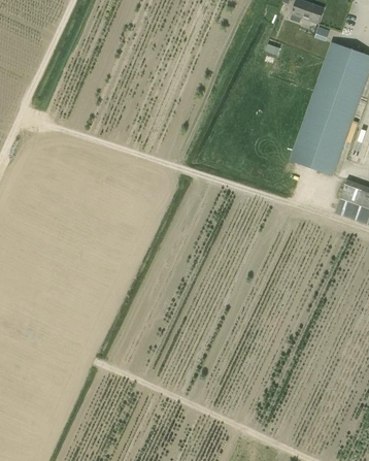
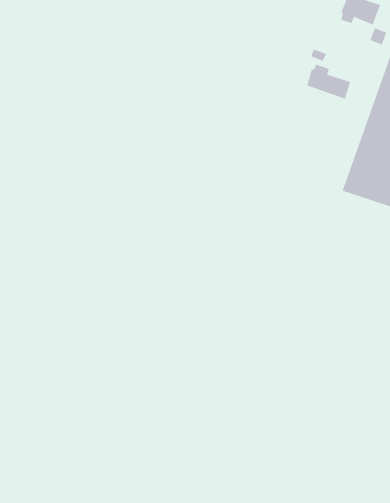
building: none -> [307,64,351,99]

